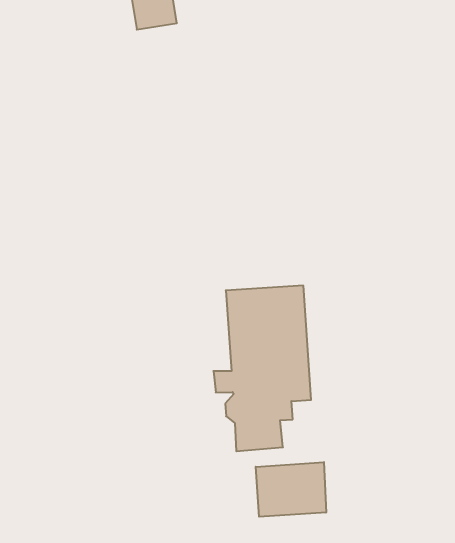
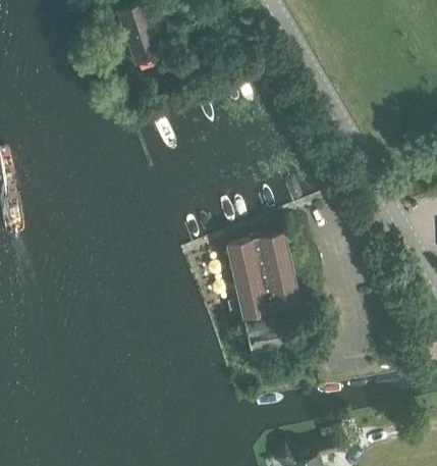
building: [256,462,326,517] -> none

